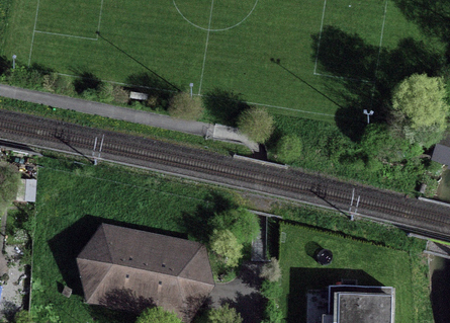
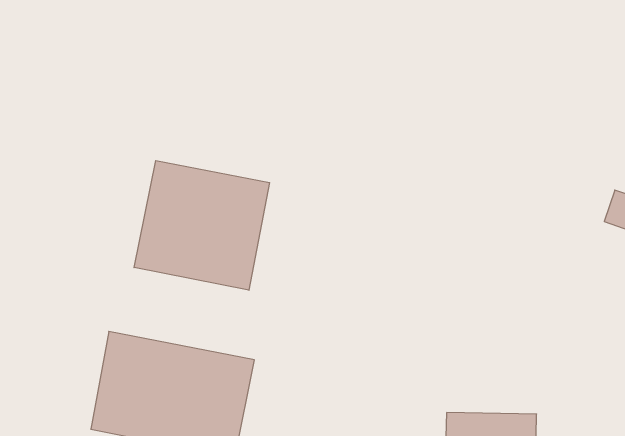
building: none -> [134,161,270,290]

